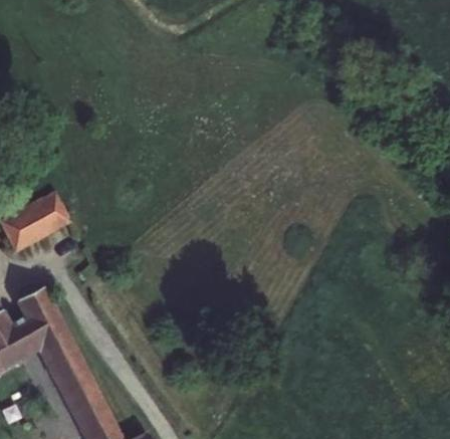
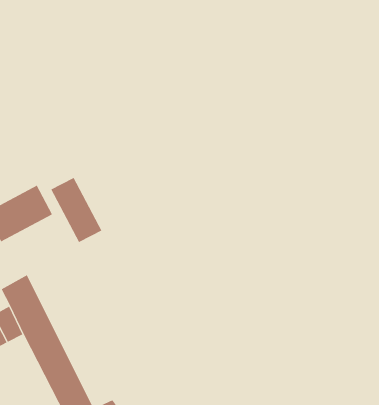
building: none -> [50,177,102,243]

